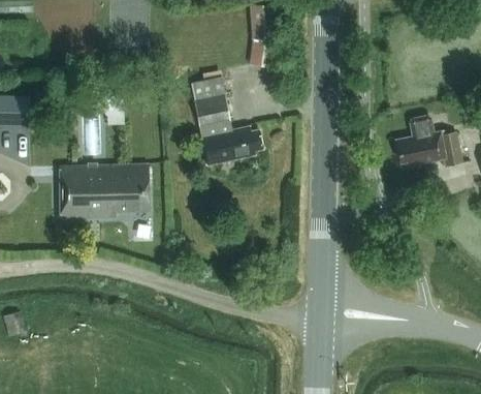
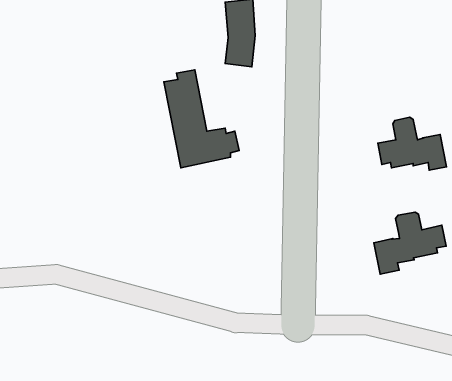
building: [67,164,149,215] -> none
building: none -> [374,212,446,274]

